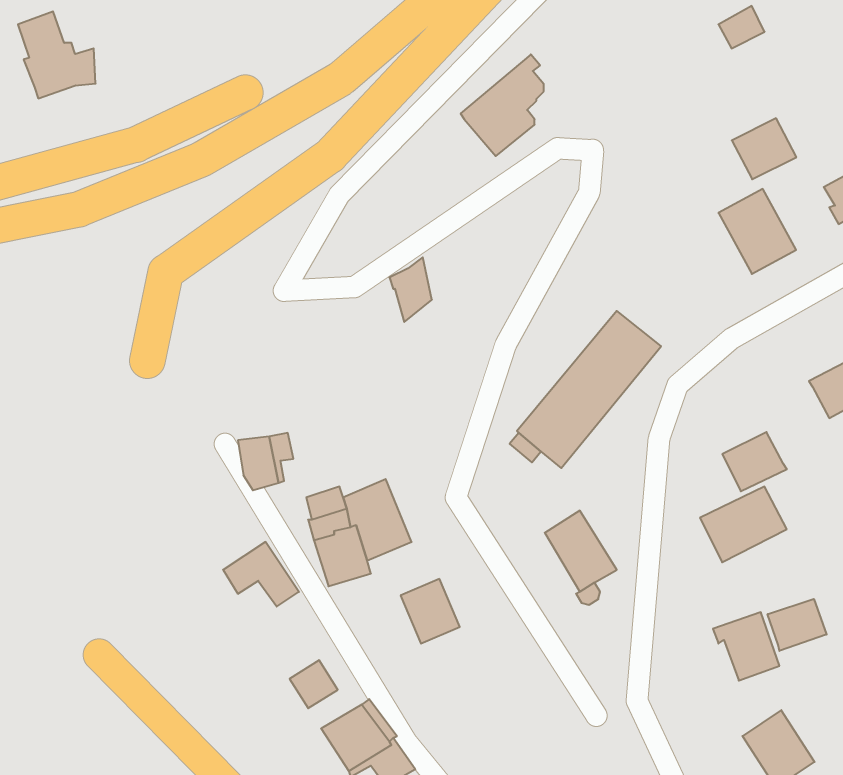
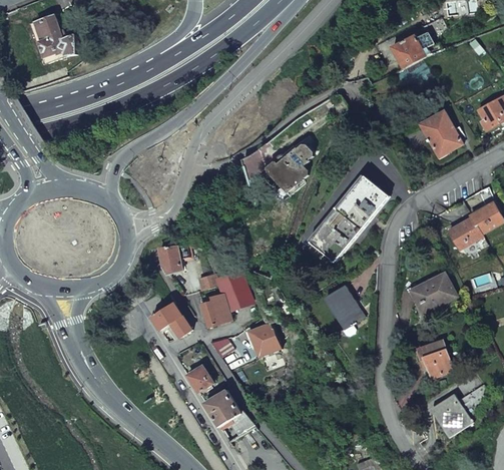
building: [461,54,544,156] -> [267,135,312,190]
building: [732,118,796,179] -> [391,34,426,67]
building: [722,432,787,491] -> [446,217,481,250]
building: [768,599,827,651] -> none

